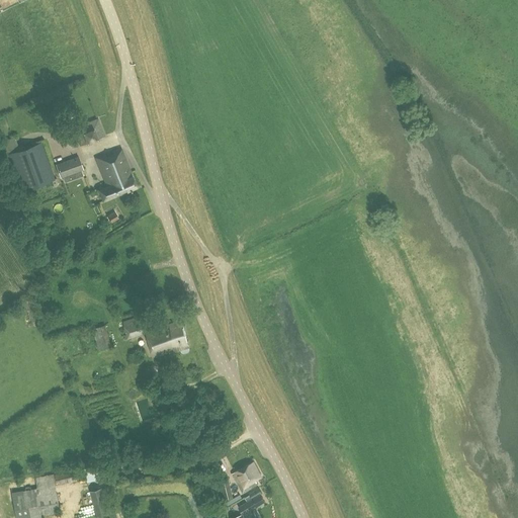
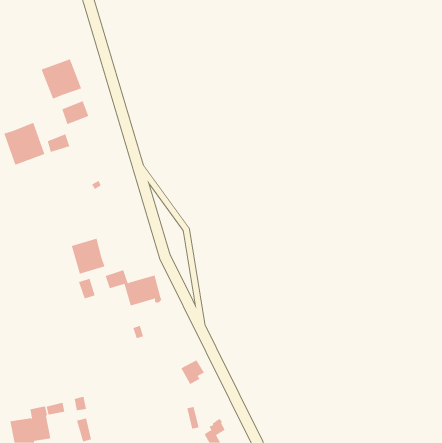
building: none -> [41,58,82,100]
building: [95,149,136,201] -> none
building: none -> [71,238,105,275]
building: [233,462,261,492] -> [180,360,205,385]

